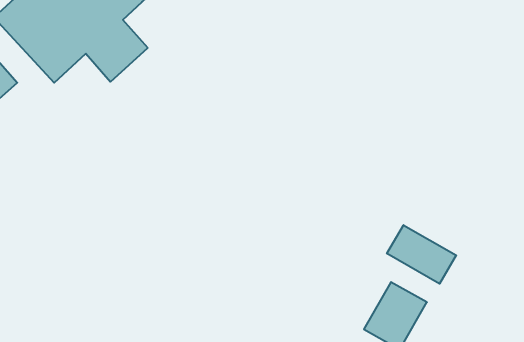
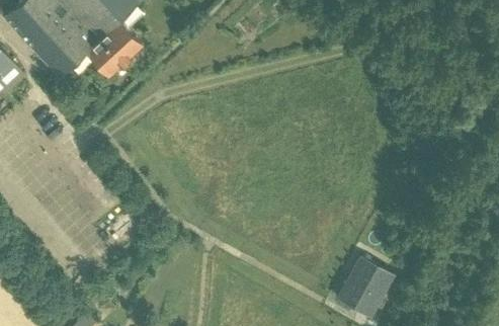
building: [387,225,456,284] -> none

